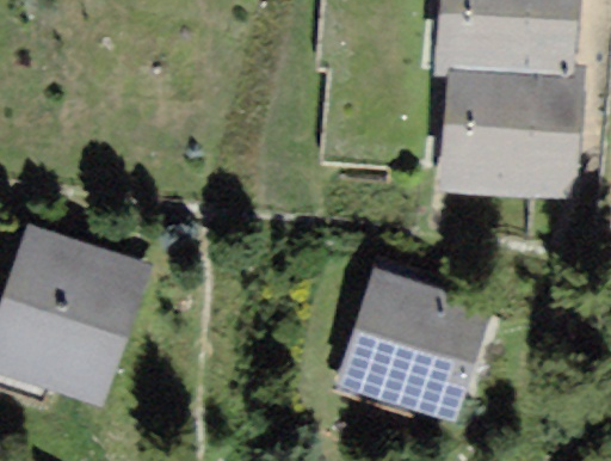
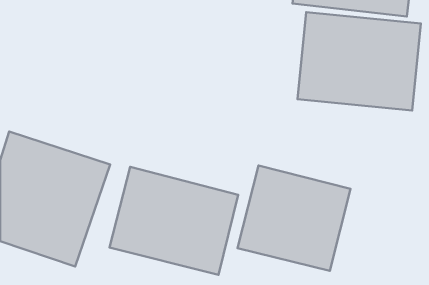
building: none -> [110,167,238,275]

